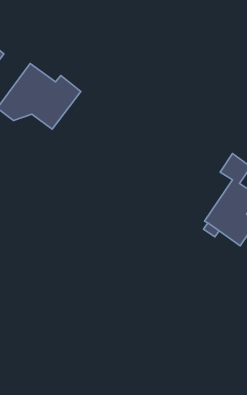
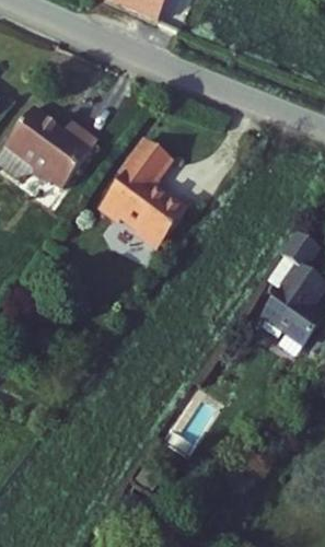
building: none -> [101,138,189,247]

